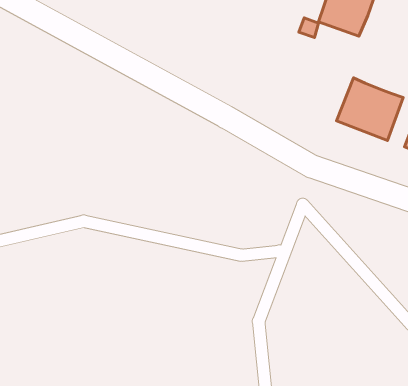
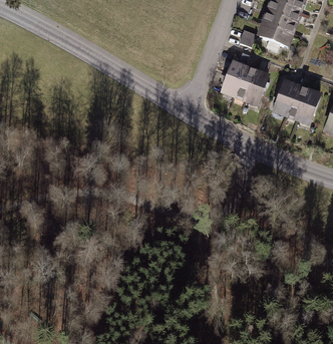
building: none -> [219,58,269,105]

